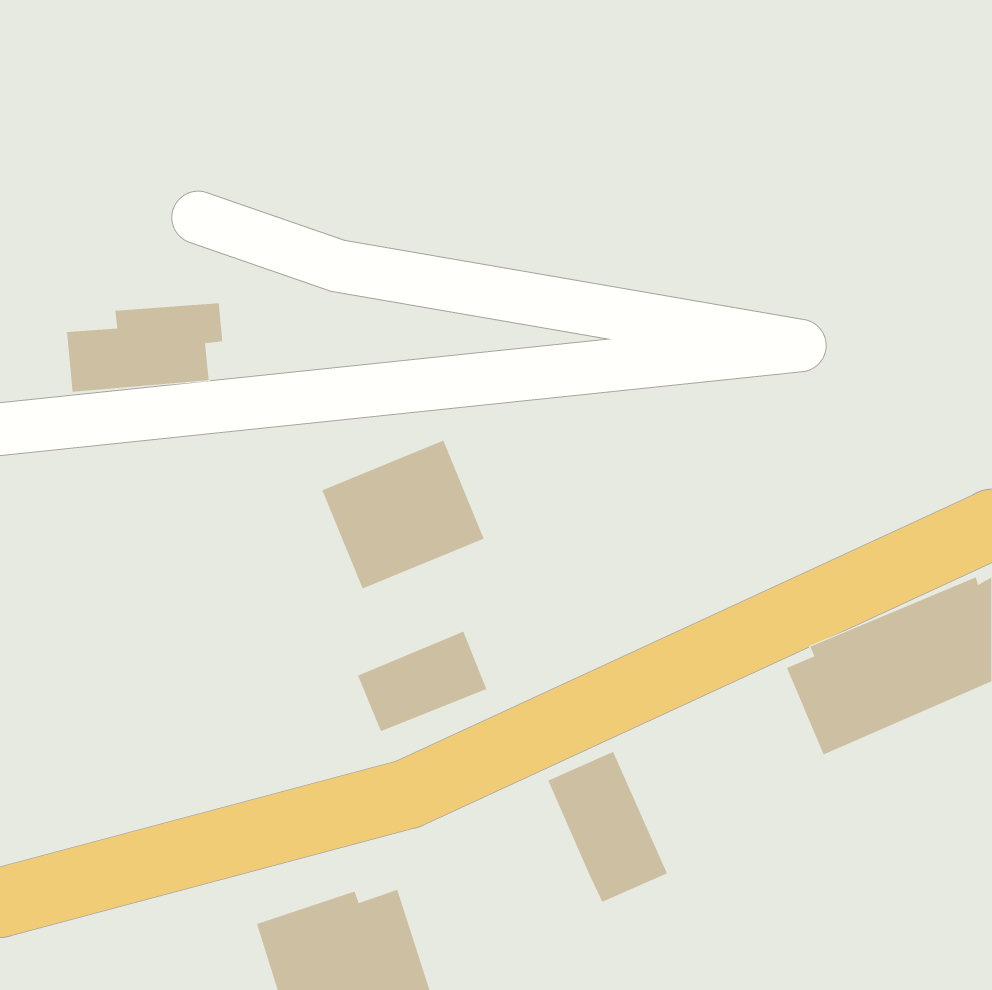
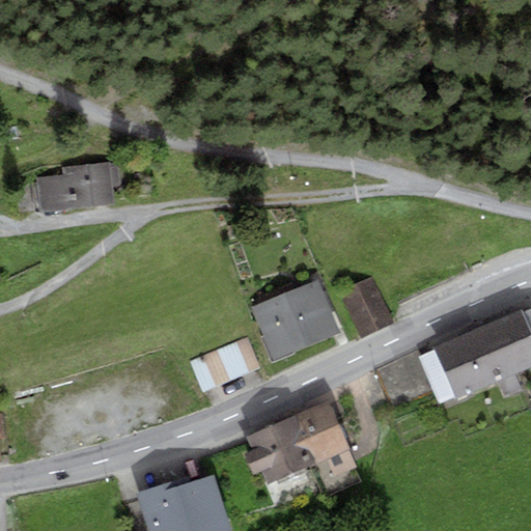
building: [322,440,485,589] -> [252,280,339,360]
building: none -> [340,278,394,339]
building: none -> [244,418,314,486]

